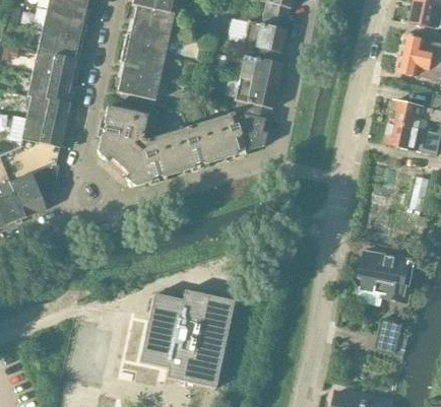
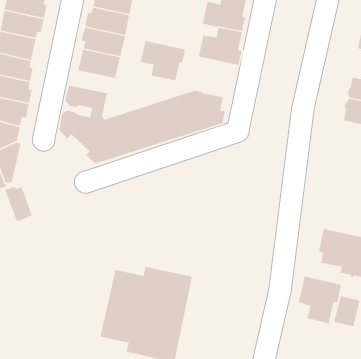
building: [234,77,280,119] -> [140,40,186,81]
building: none -> [4,186,33,222]
building: none -> [298,276,342,325]

